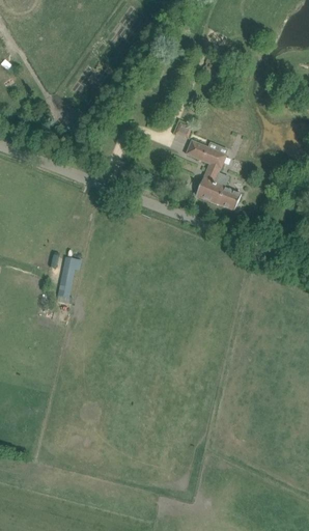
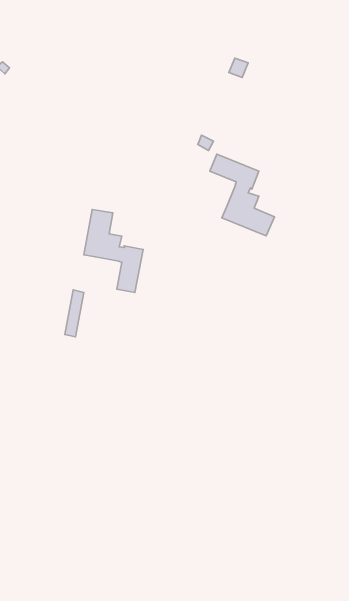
building: none -> [84,210,143,292]

